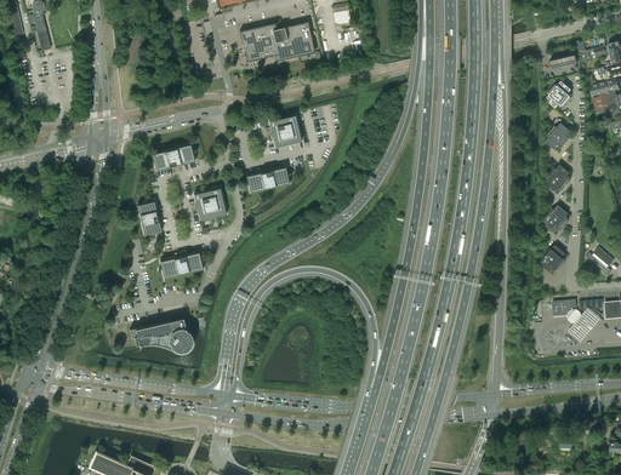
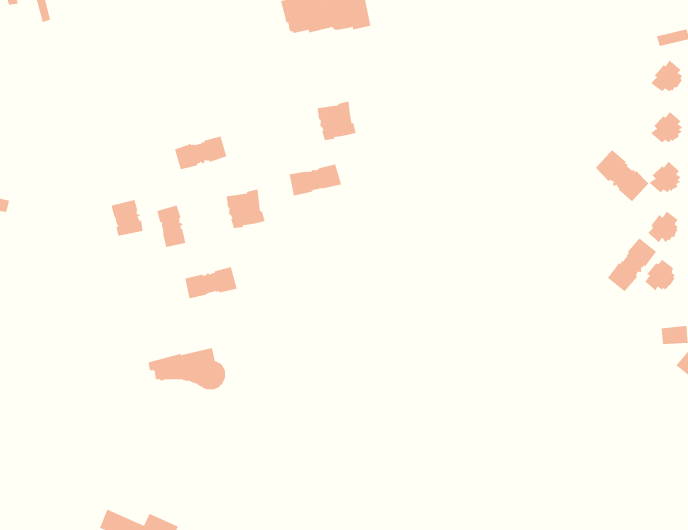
building: none -> [595,149,649,202]
building: none -> [111,199,143,237]
building: none -> [607,237,657,292]

